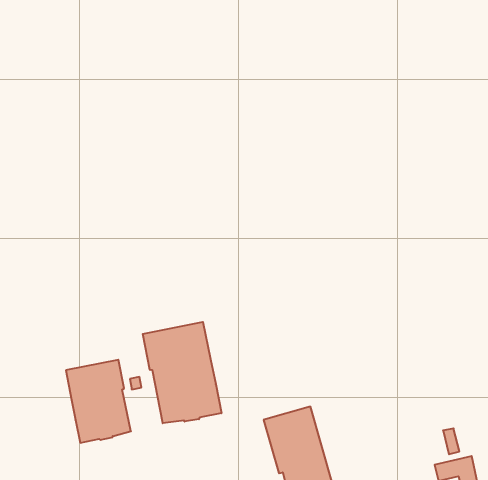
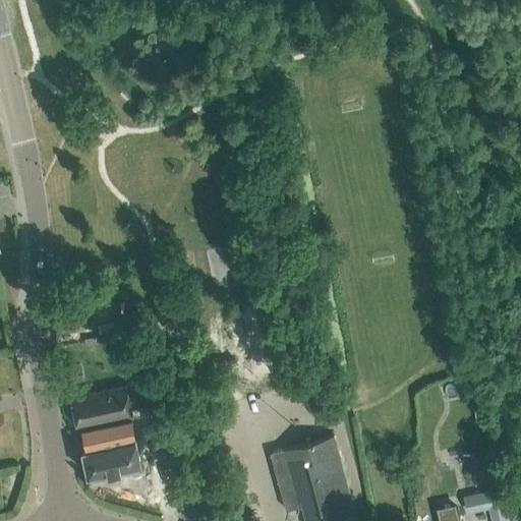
building: [143,322,221,423] -> none

